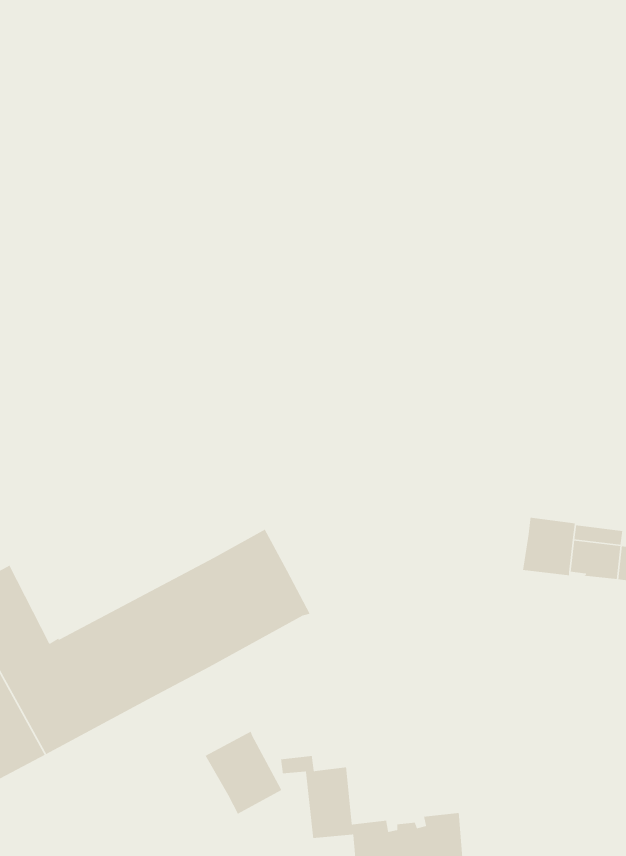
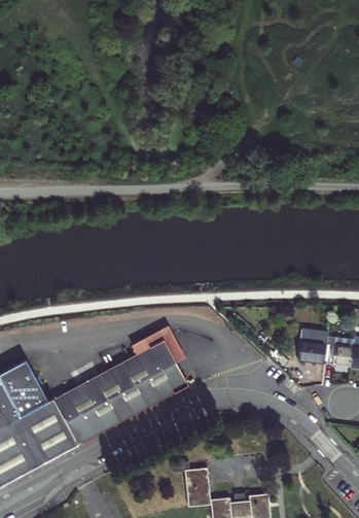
building: none -> [130,325,183,362]
building: [204,731,282,815] -> none

